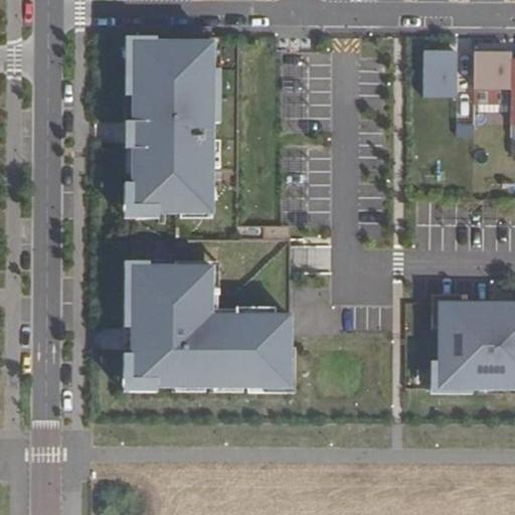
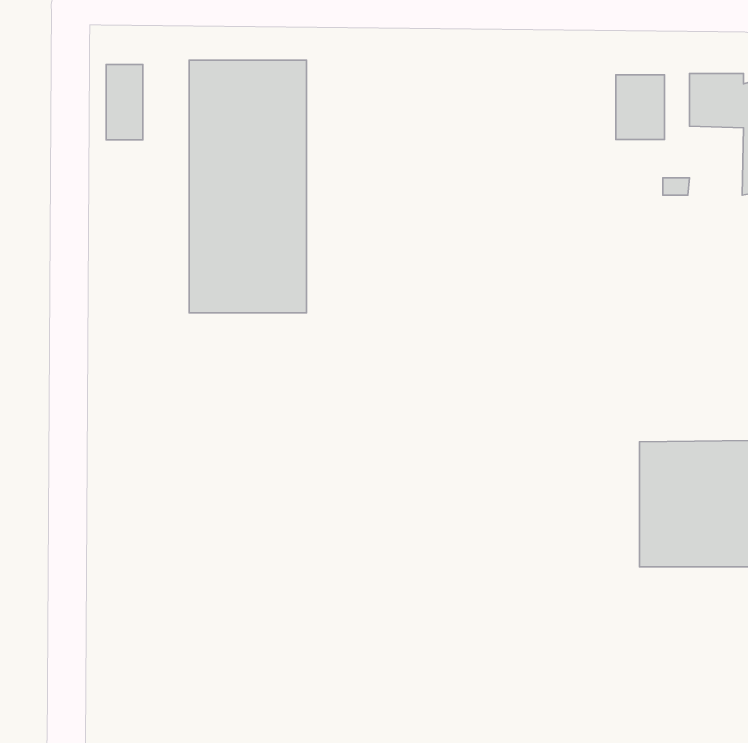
building: none -> [106,64,143,140]
building: [131,268,290,388] -> none

